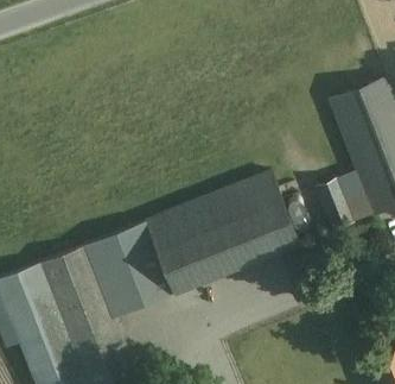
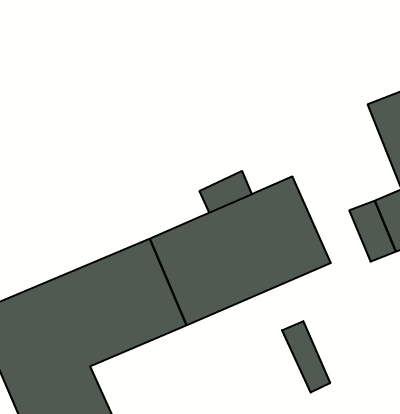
building: none -> [200,171,252,213]
building: none -> [282,321,330,393]

